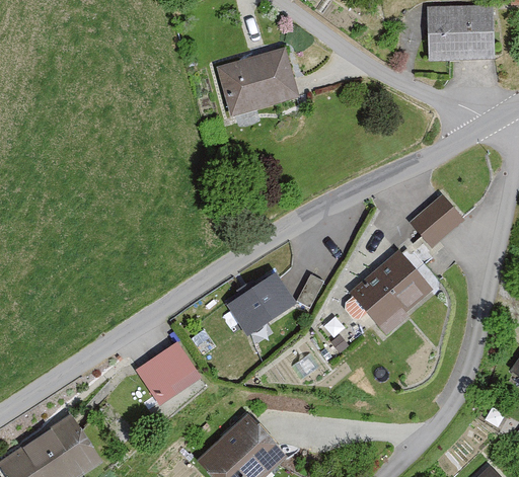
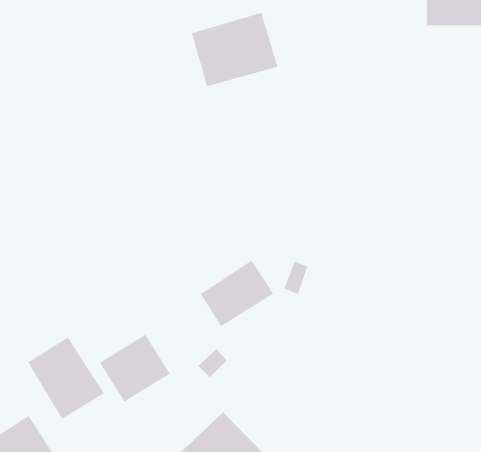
building: [410,194,462,247] -> none
building: [351,252,432,335] -> none
building: none -> [27,336,105,420]

